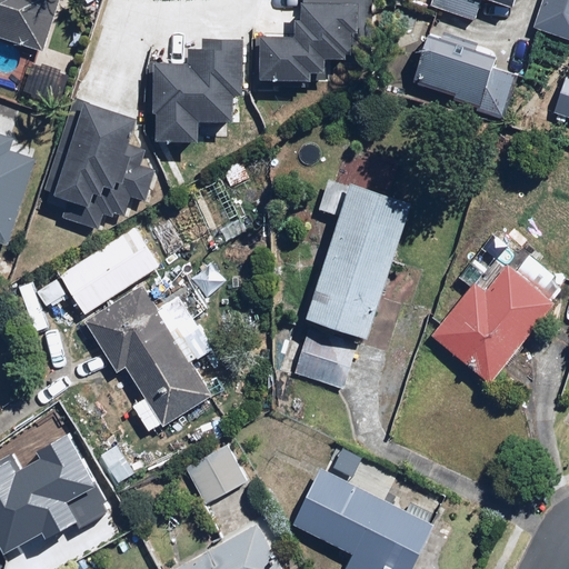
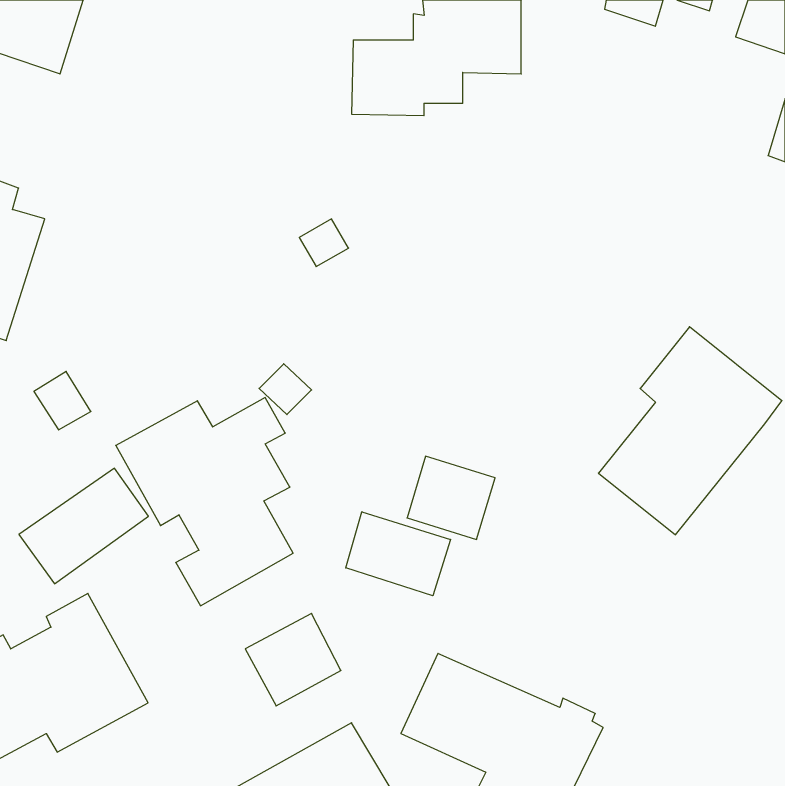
building: [149,30,246,137] -> none
building: [411,31,516,117] -> none
building: [46,92,157,223] -> none
building: [308,150,406,338] -> none
building: [62,232,156,316] -> [19,468,148,584]
building: none -> [346,512,451,596]

